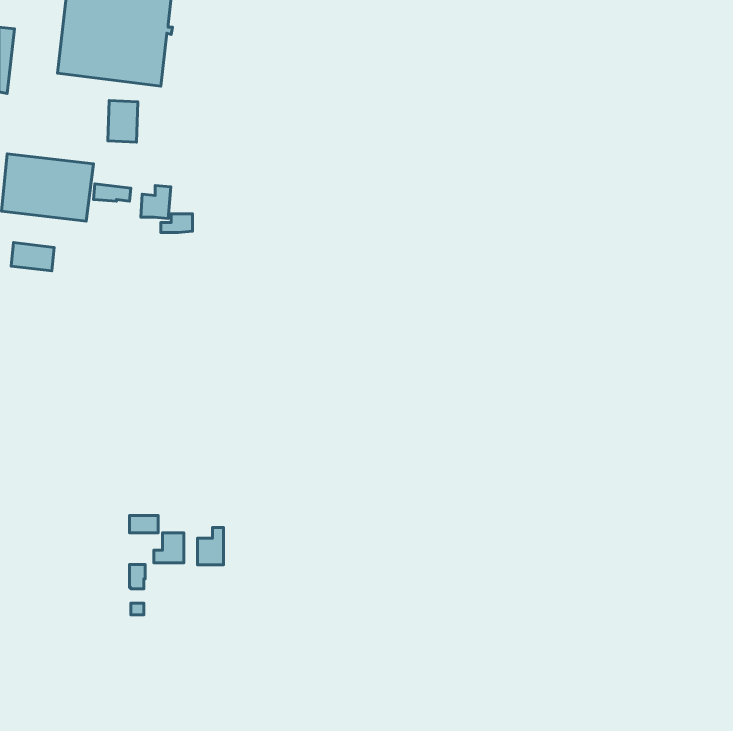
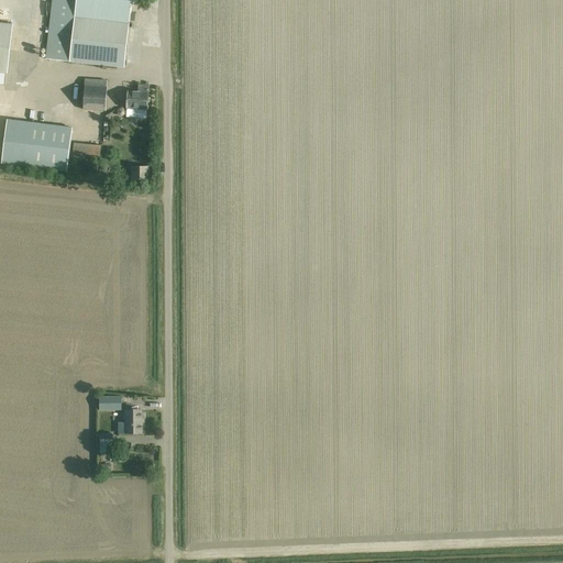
building: [141,185,171,218] -> [124,82,147,108]
building: [11,243,54,271] -> none
building: [197,527,224,565] -> none

